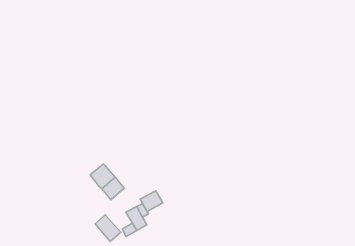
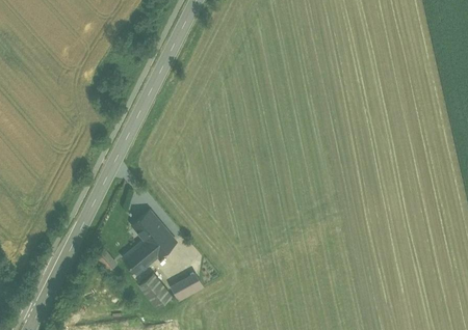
building: none -> [122,239,157,273]
building: [140,191,163,212] -> none

